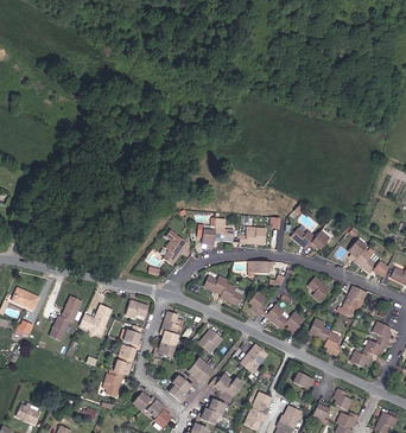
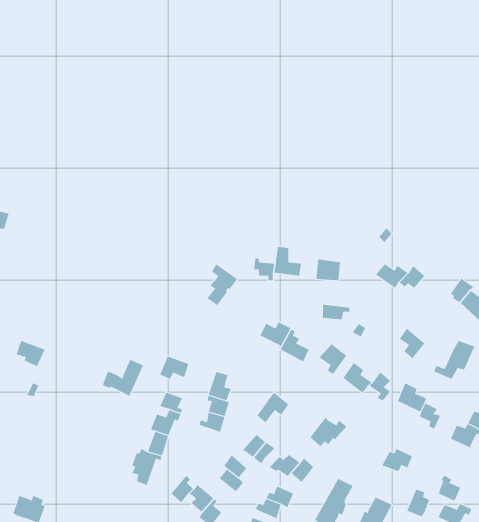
building: [50,292,84,337] -> none

